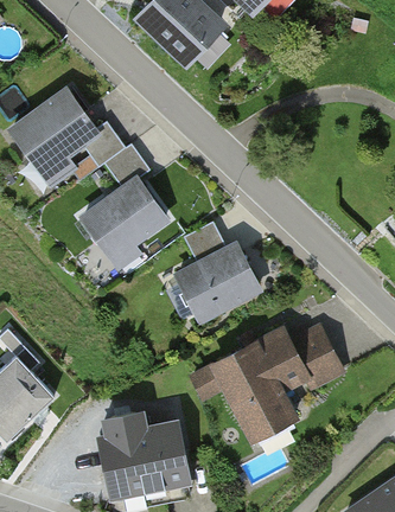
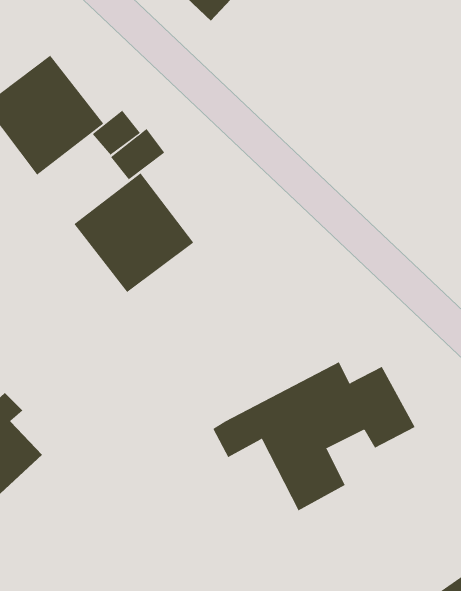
building: [178,223,259,319] -> none
building: [97,414,190,497] -> none

